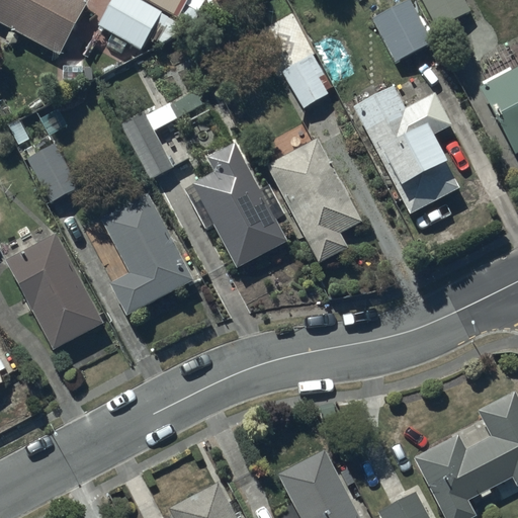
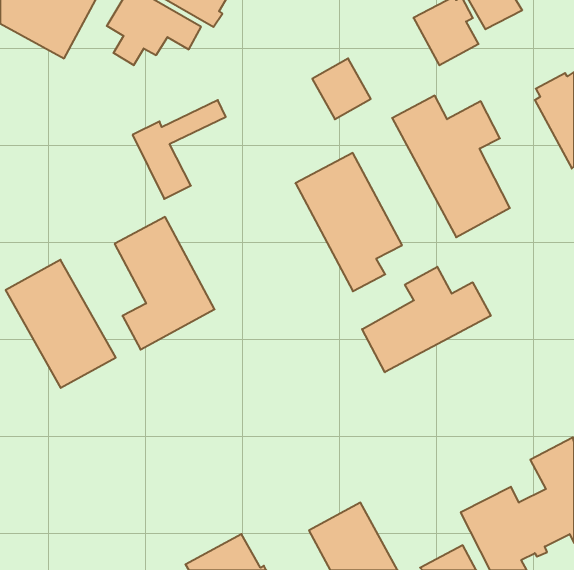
building: [27,143,79,201] -> none
building: [185,144,286,267] -> none
building: none -> [362,267,491,372]

